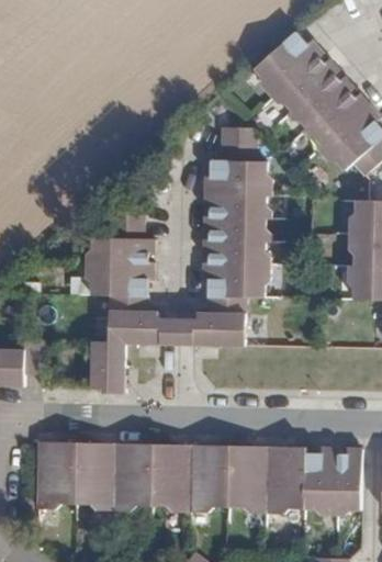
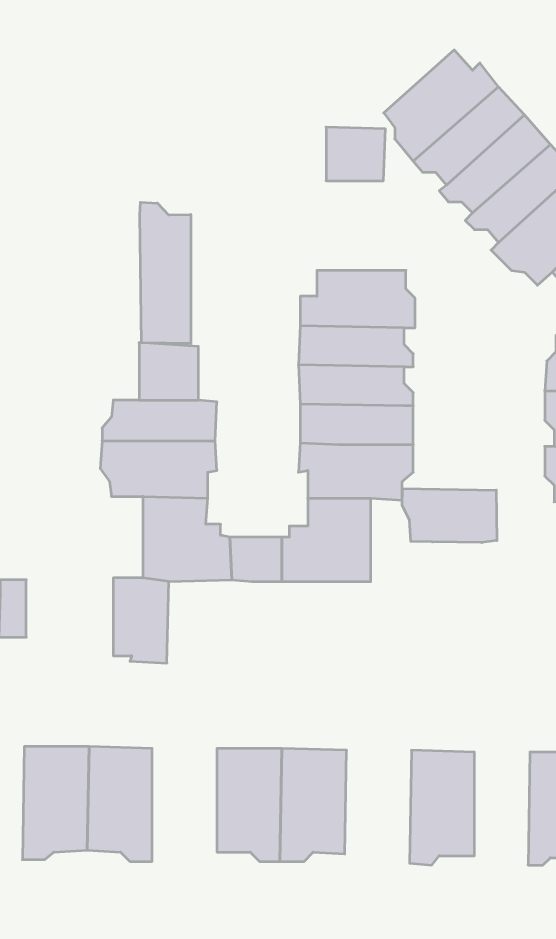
building: none -> [140,202,191,344]
building: [218,128,254,160] -> [326,127,385,181]
building: none -> [402,489,497,543]
building: [114,443,153,510] -> none
building: [228,445,268,512] -> none
building: [305,446,338,513] -> none

